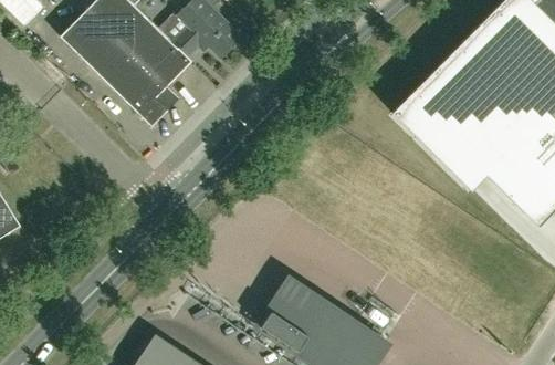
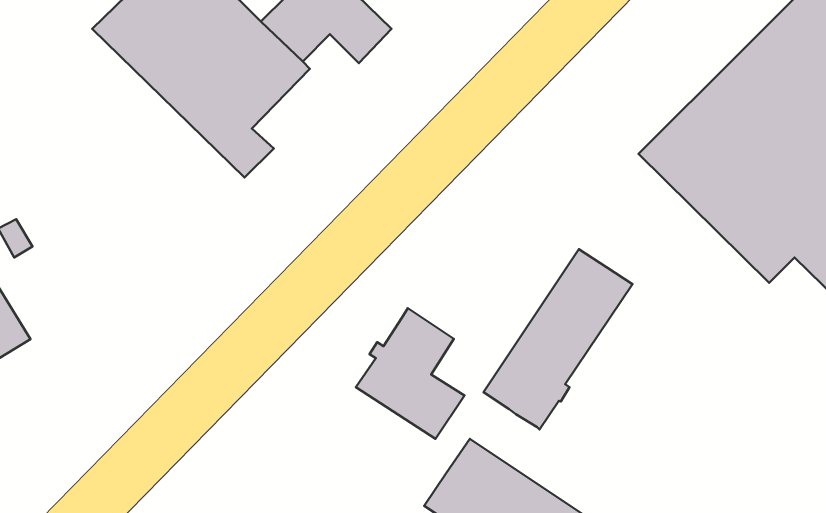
building: none -> [483,249,632,429]
building: none -> [356,308,465,439]

